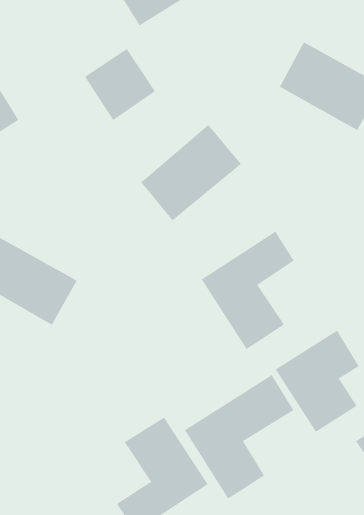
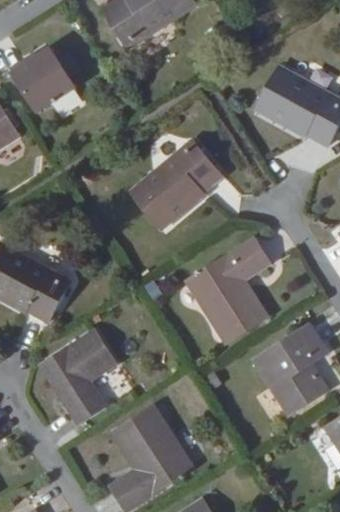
building: [84,48,156,121] -> [14,48,79,114]
building: none -> [40,330,115,424]
building: [184,374,294,499] -> none

